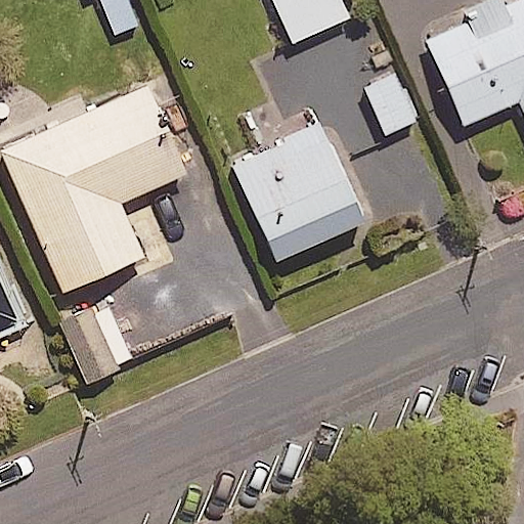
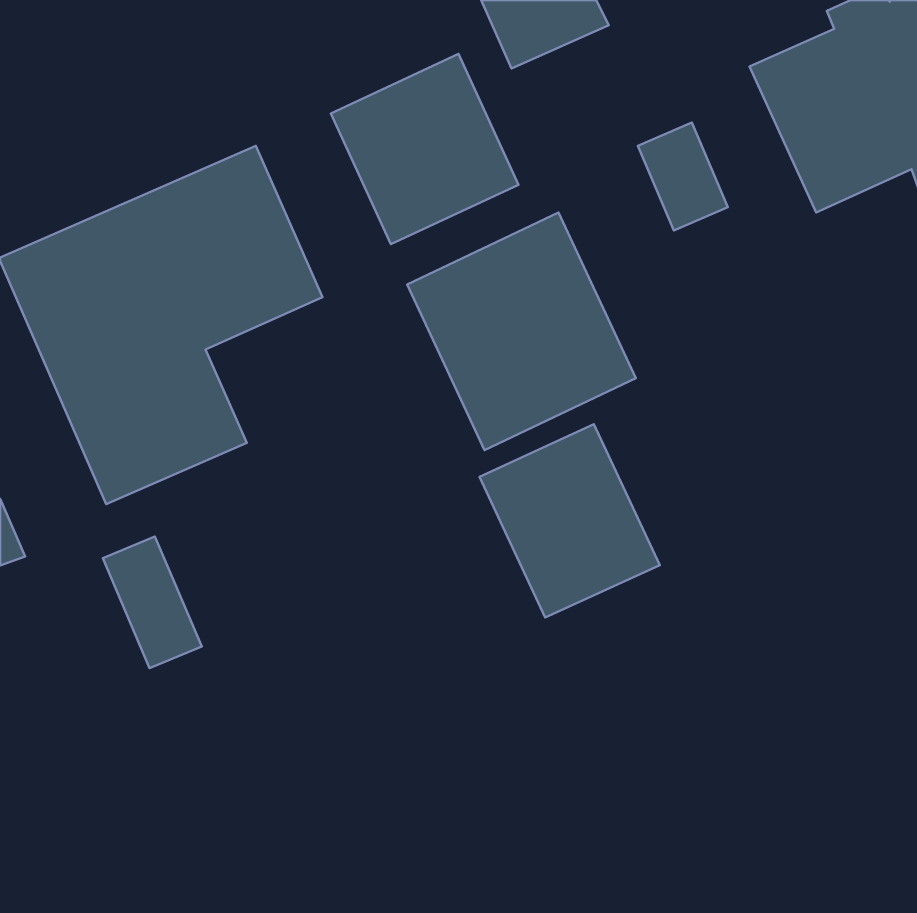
building: none -> [331,54,519,244]
building: none -> [479,424,660,618]

